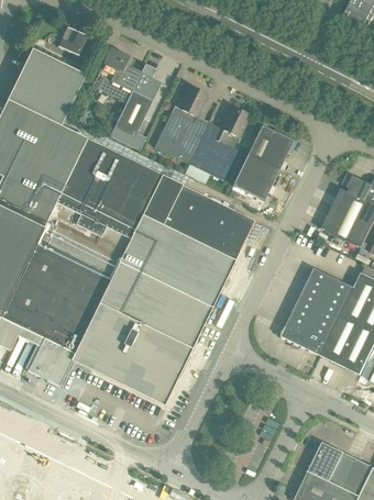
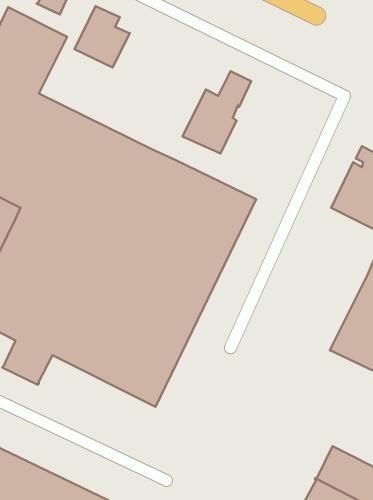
building: [109,65,162,152] -> none
building: [154,86,209,165] -> none
building: [232,124,295,201] -> none
building: [280,268,354,356] -> none

